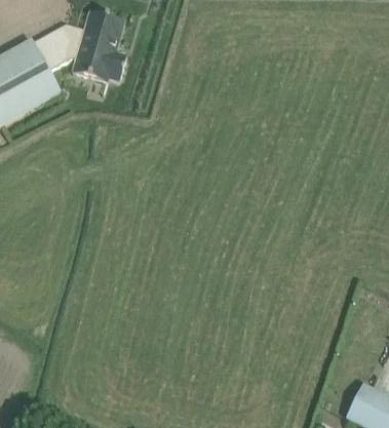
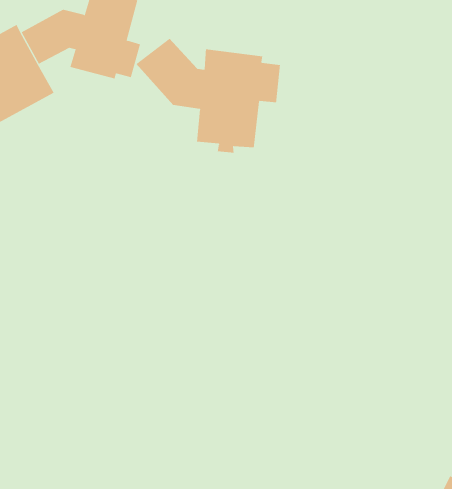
building: none -> [135,38,280,153]

